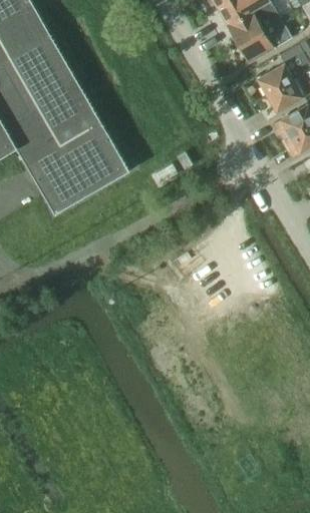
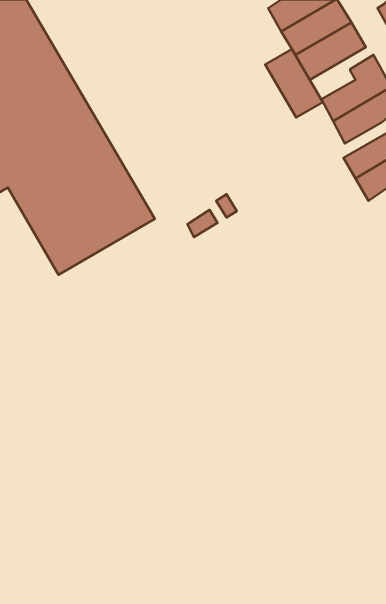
building: none -> [265,49,323,118]

